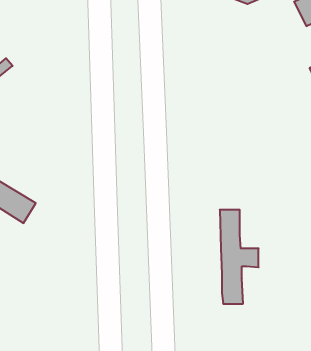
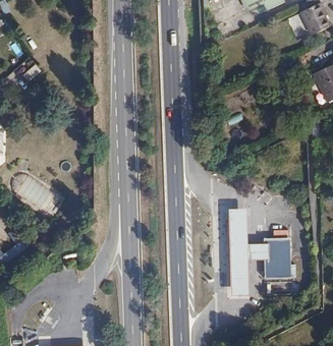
building: none -> [267,235,290,277]

